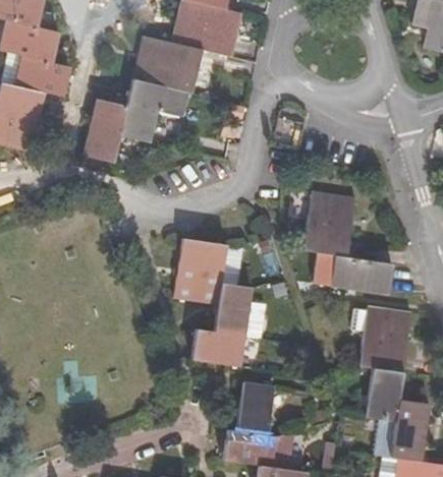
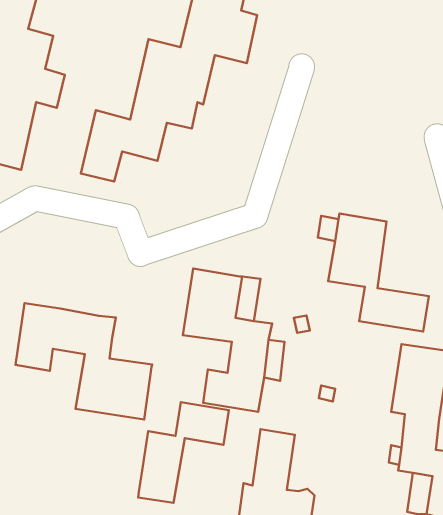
building: none -> [16,303,152,420]
building: none -> [138,402,229,503]

